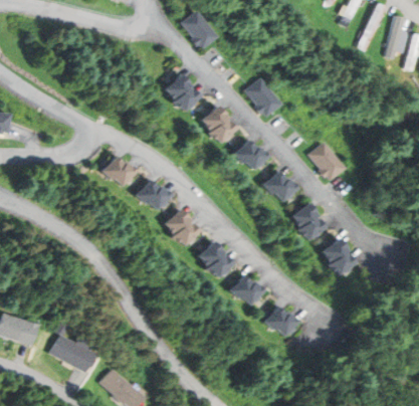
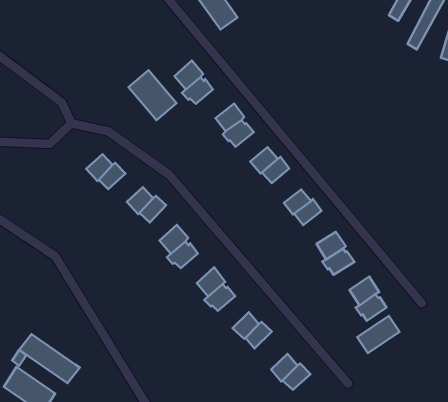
building: [245,80,279,116] -> none
building: none -> [128,70,177,120]
building: [309,144,344,180] -> none
building: none -> [357,316,400,353]
building: none -> [19,334,80,383]

